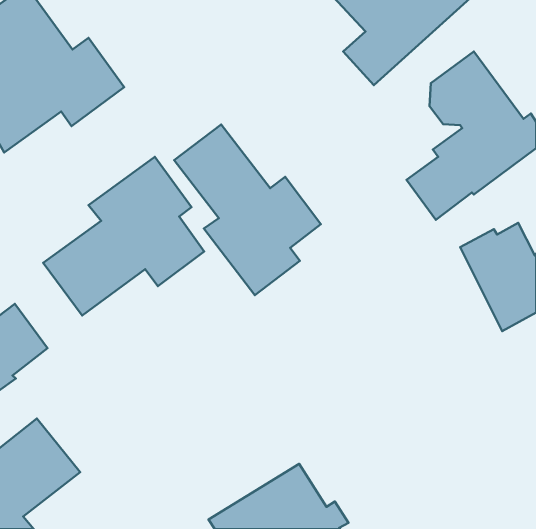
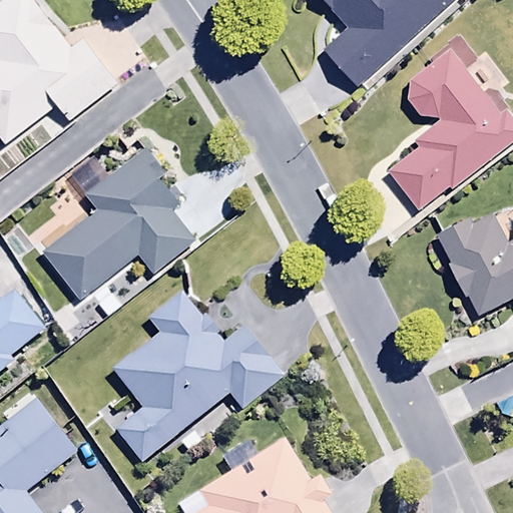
building: [174,124,321,295] -> none
building: none -> [114,292,284,461]

